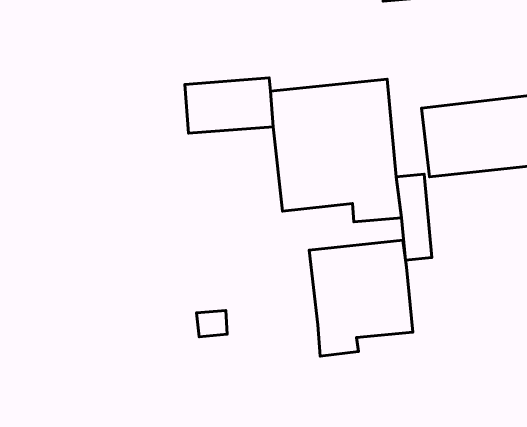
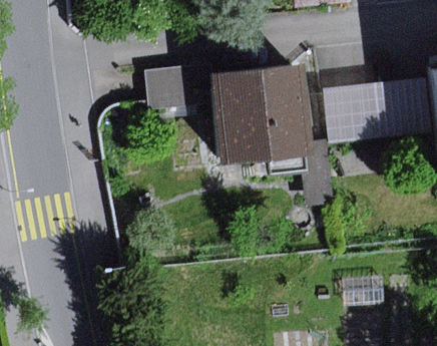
building: [309,240,413,356] -> none

